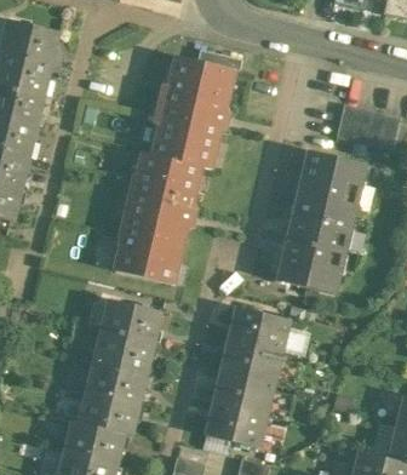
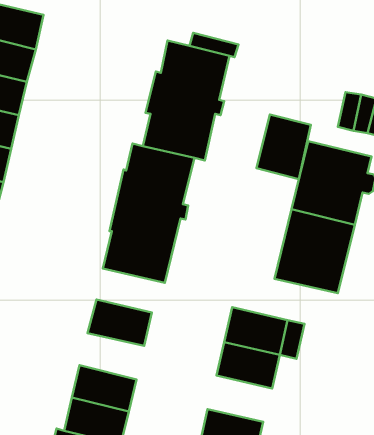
building: none -> [256,115,311,179]
building: [93,331,154,374] -> none
building: [213,371,274,414] -> none

